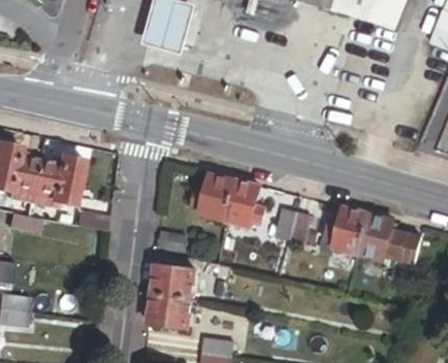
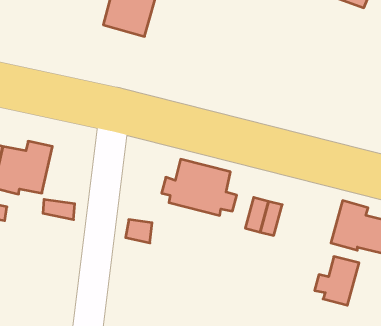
building: [327,206,371,254] -> [315,257,359,305]
building: [151,266,211,328] -> none

